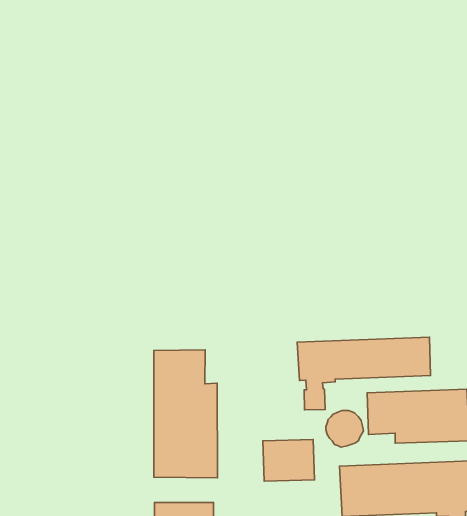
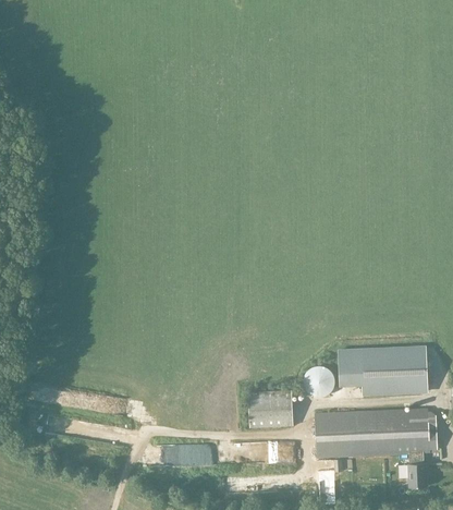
building: [297,337,431,410] -> none
building: [154,350,218,478] -> none

